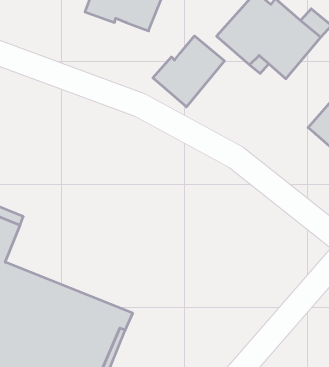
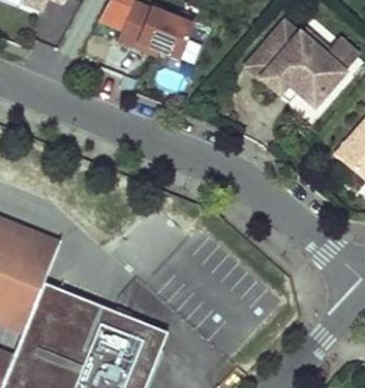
building: [153,36,224,107] -> none

